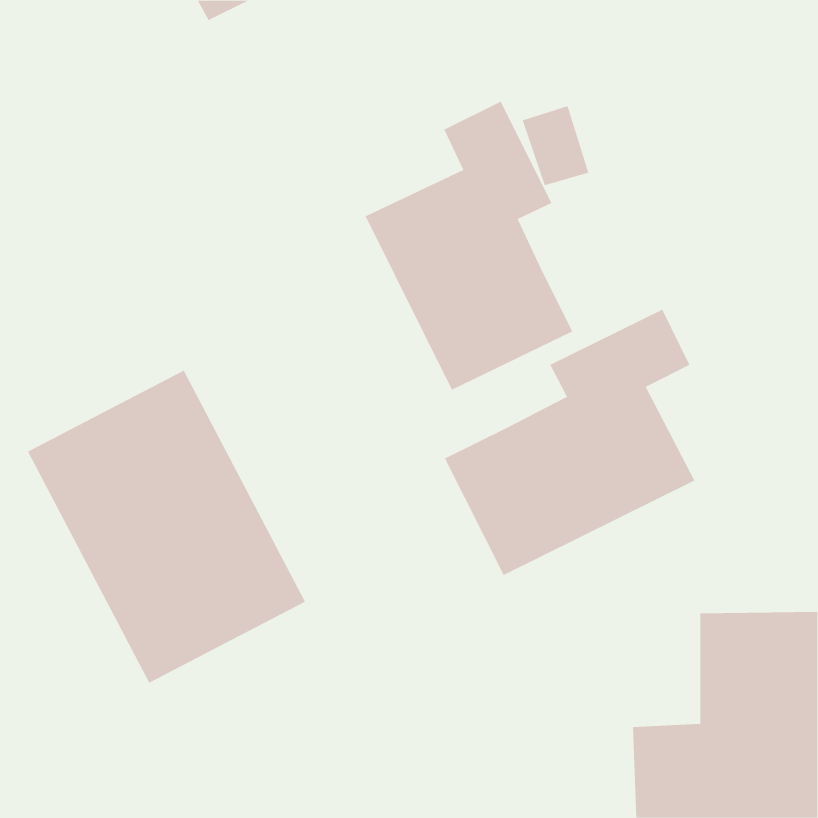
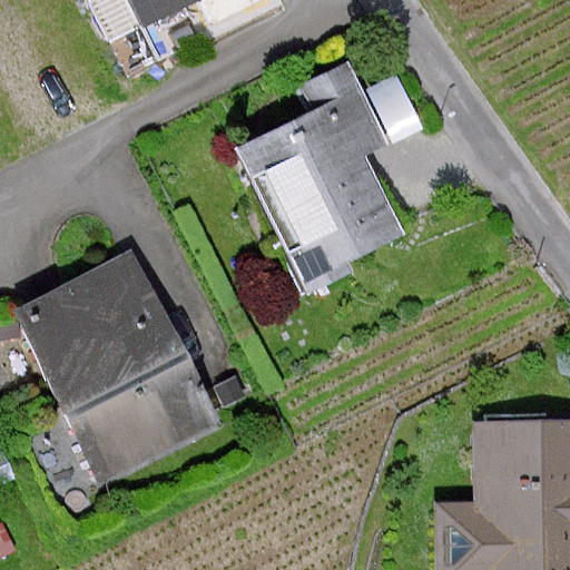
building: [444,309,695,576] -> none

